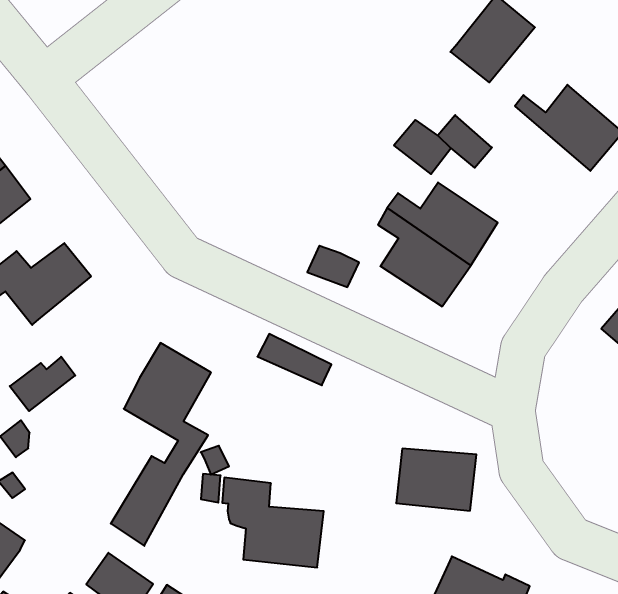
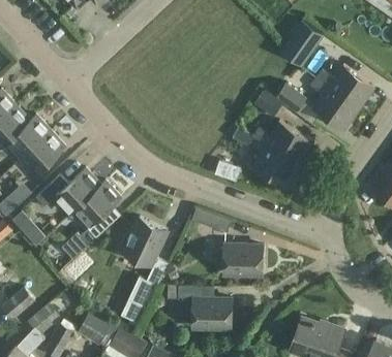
building: none -> [310,78,358,131]
building: none -> [74,181,120,226]
building: [396,449,476,511] -> [222,246,263,275]
building: none -> [77,314,109,346]

